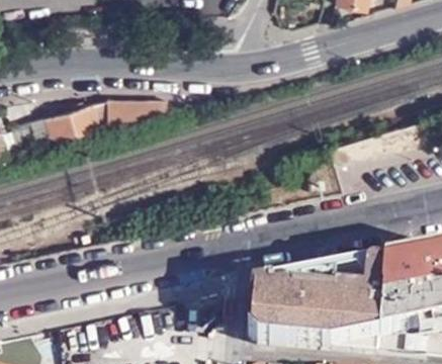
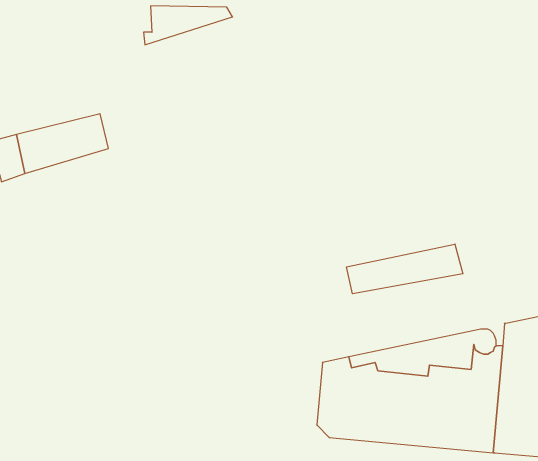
building: [104,96,169,124] -> [144,6,233,45]
building: none -> [347,244,463,294]

